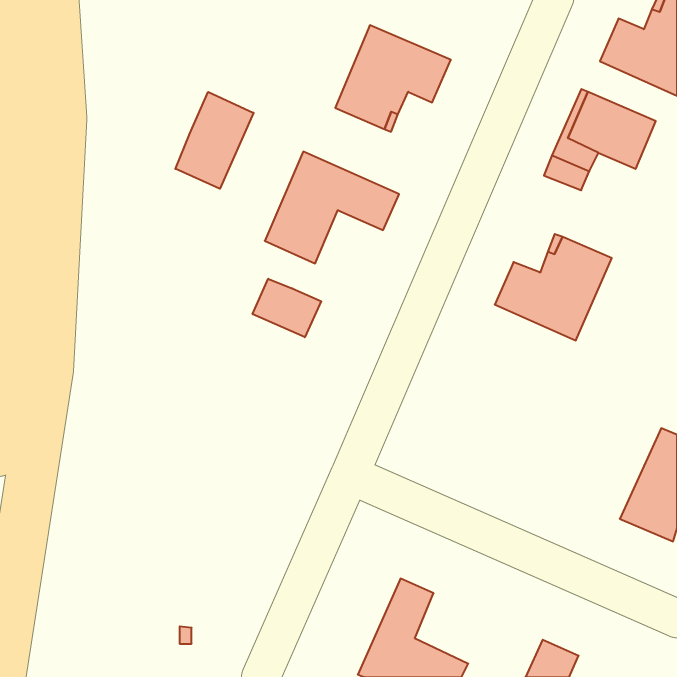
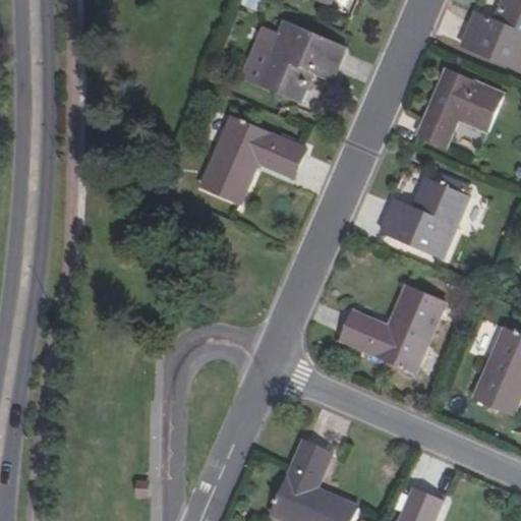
building: [175,92,254,189] -> none
building: [253,279,321,337] -> none
building: none -> [340,286,443,371]

